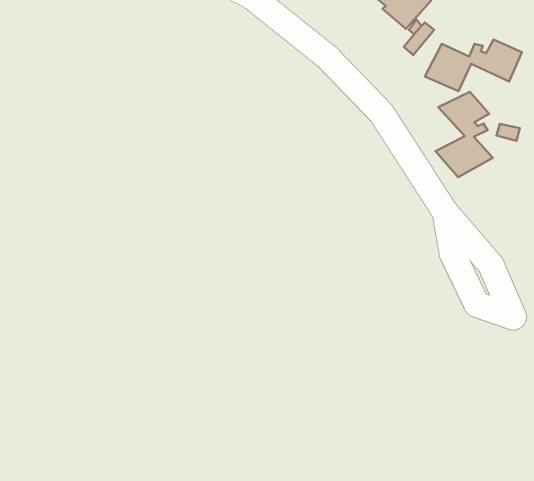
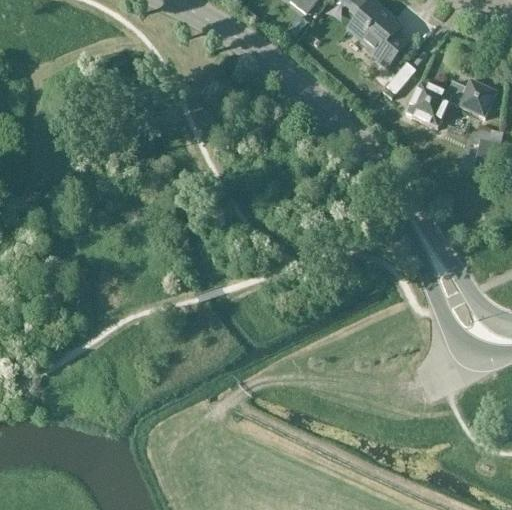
building: [436,92,493,177] -> none

